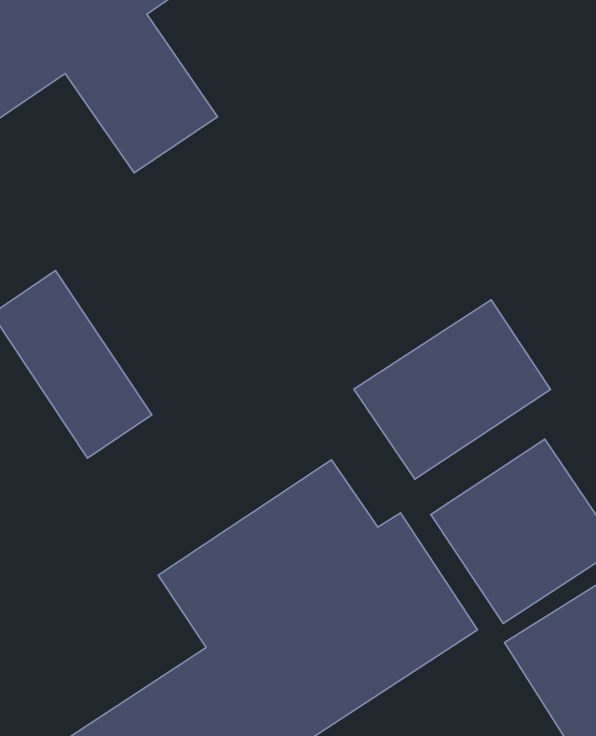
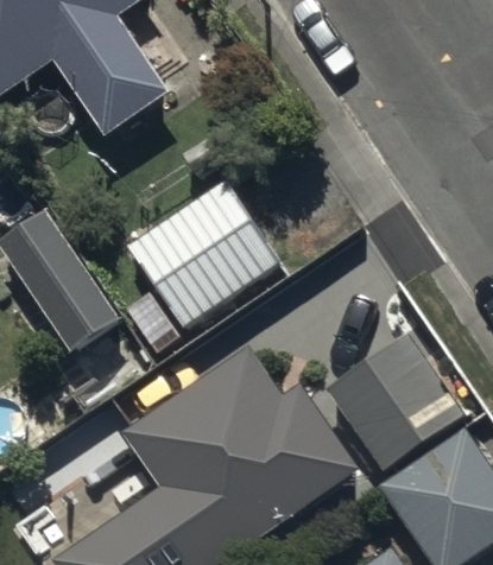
building: none -> [127,180,276,324]
building: [354,300,550,479] -> none

